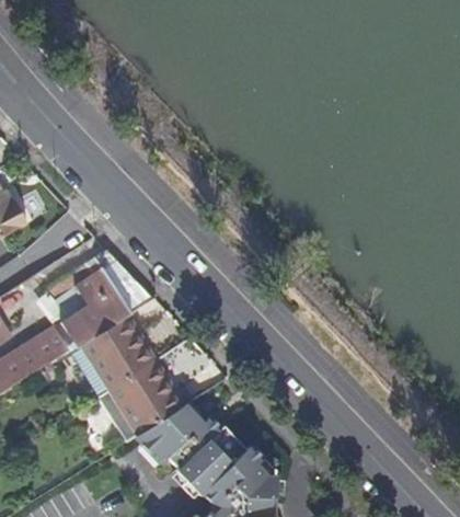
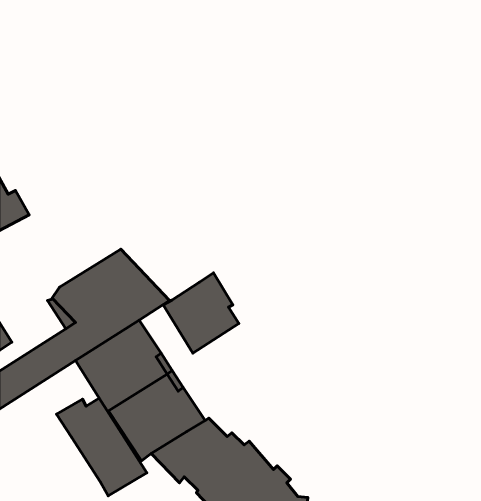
building: none -> [163,273,239,353]
building: none -> [57,398,147,496]

